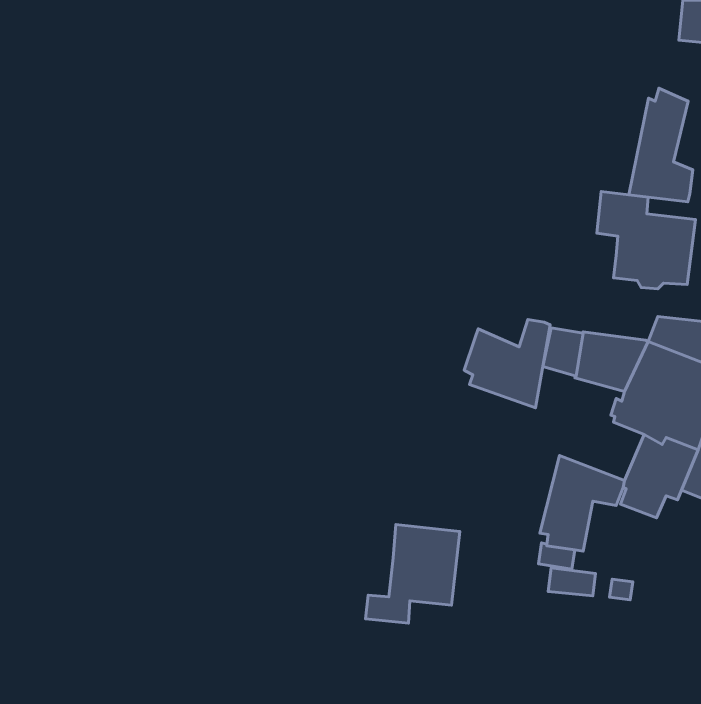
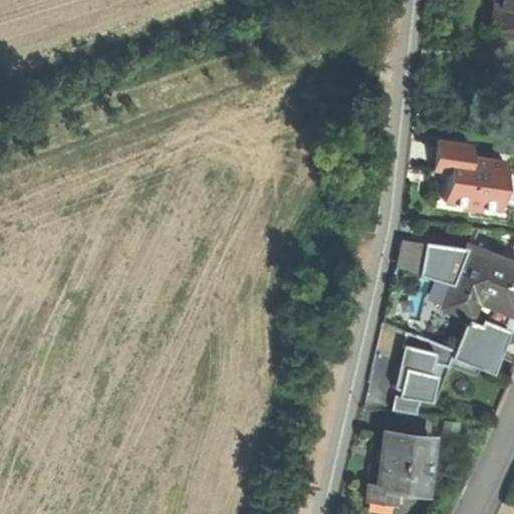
building: [629,88,693,202] -> none
building: [464,319,550,408] -> none
building: [365,525,460,623] -> [365,435,434,506]

